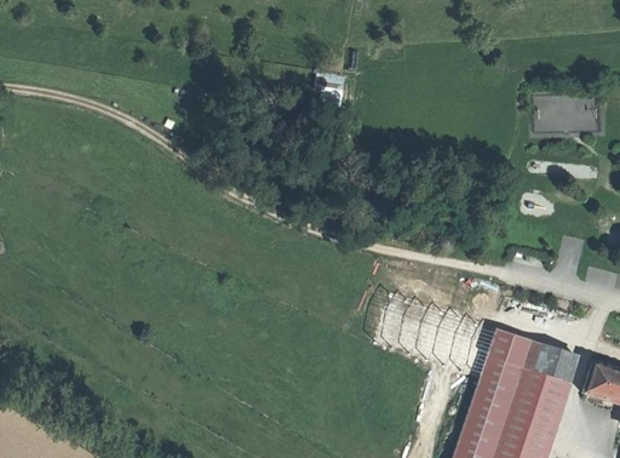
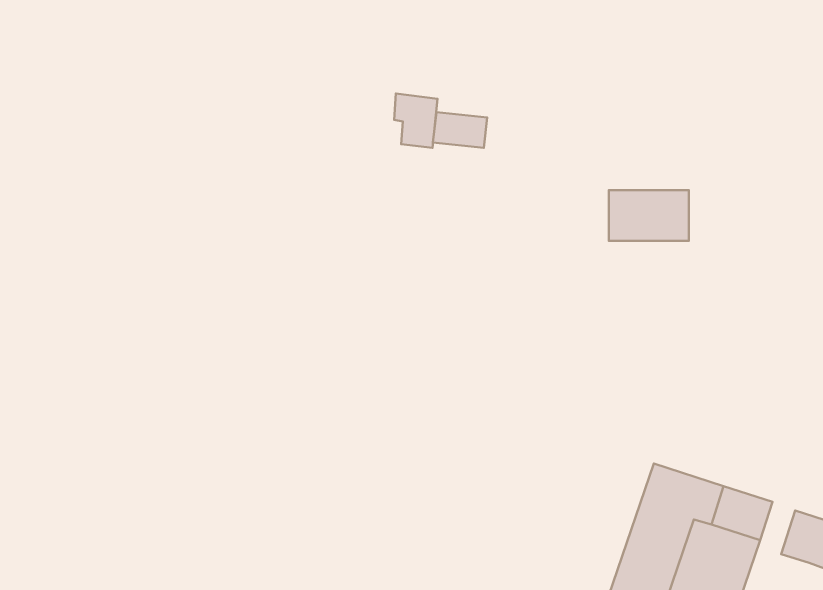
building: none -> [433,112,487,148]
building: [542,96,598,131] -> [609,190,689,241]

